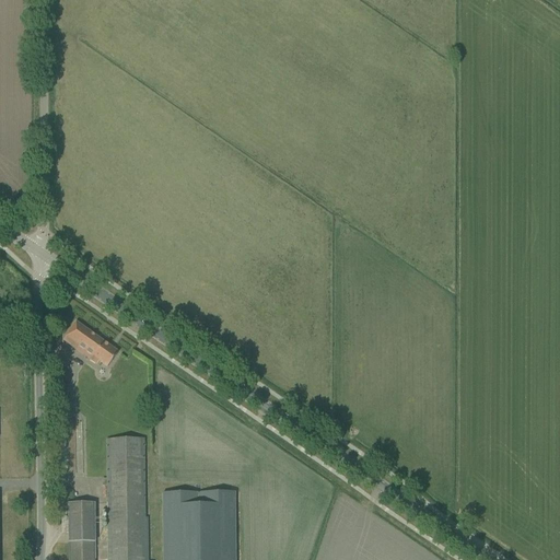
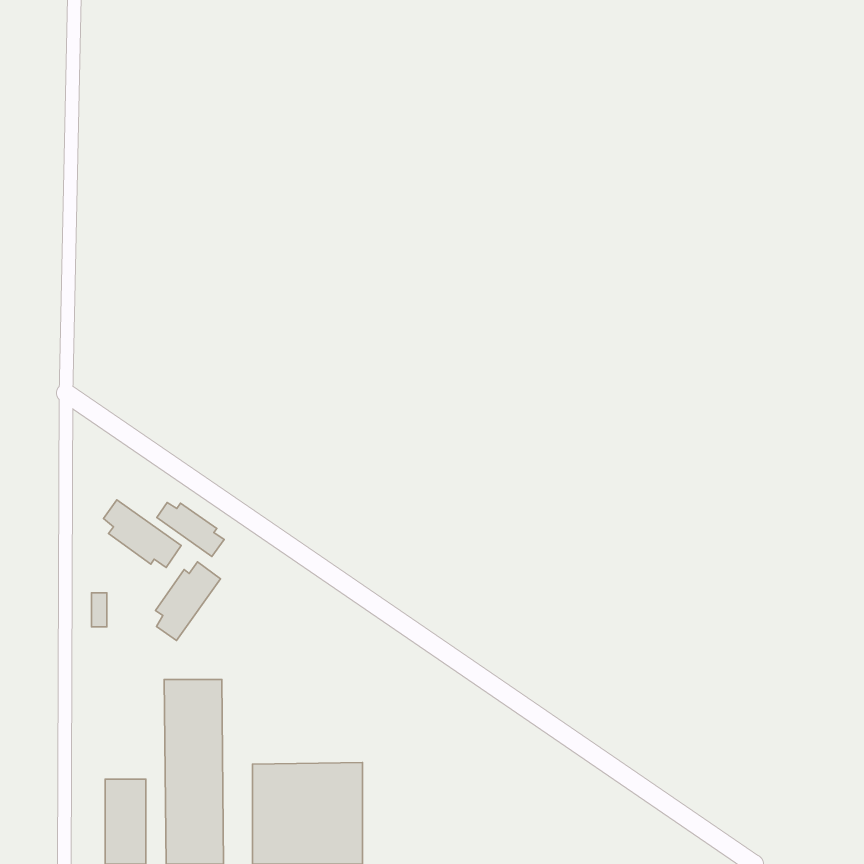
building: none -> [157,503,224,556]
building: none -> [155,562,221,641]

